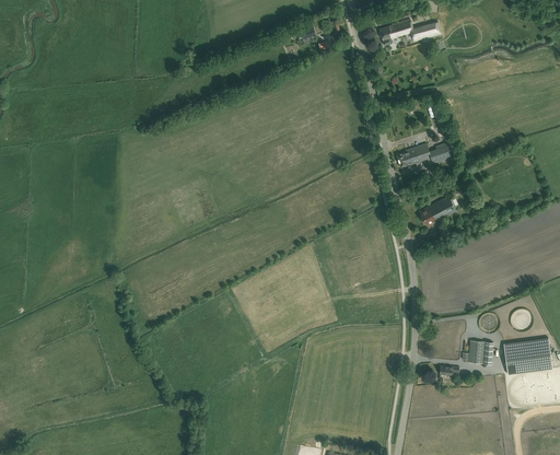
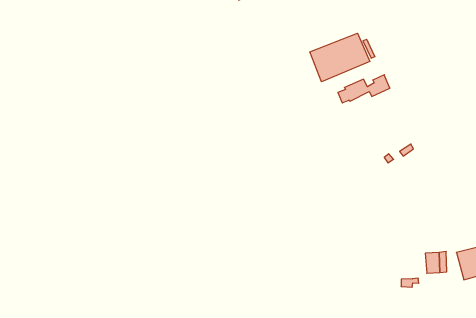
building: none -> [310,33,370,82]
building: [419,196,456,226] -> none

